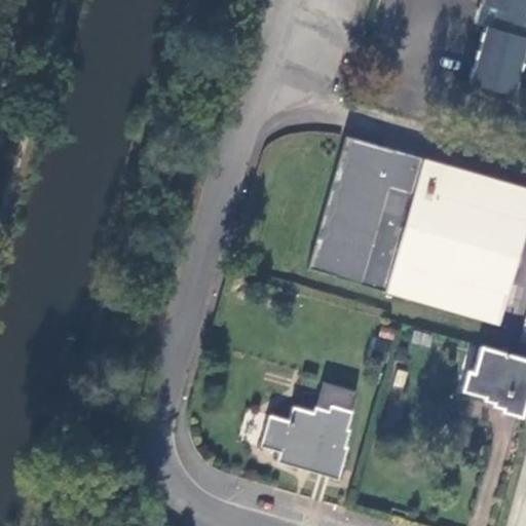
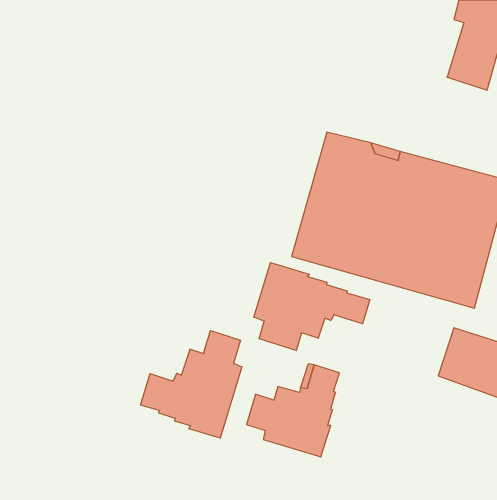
building: none -> [254,263,370,351]
building: none -> [140,331,242,438]

